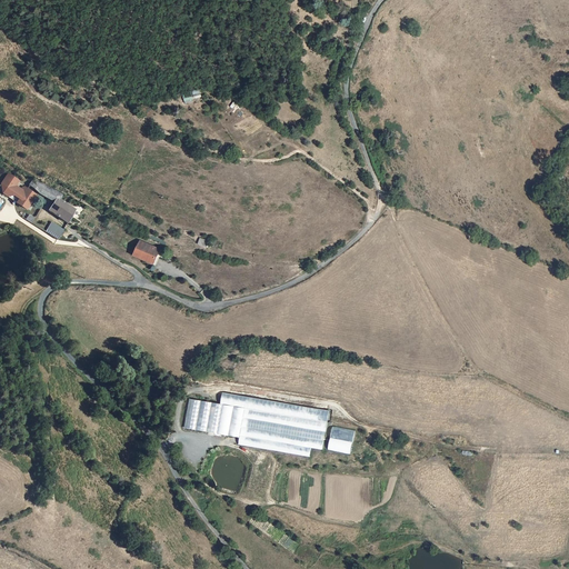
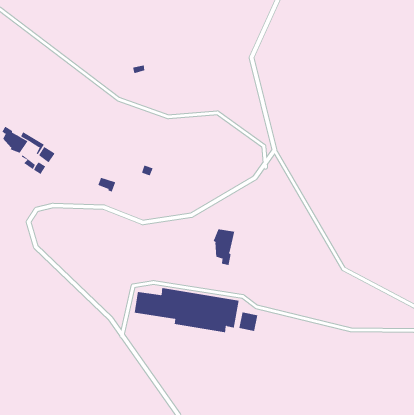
building: none -> [213,228,235,266]

